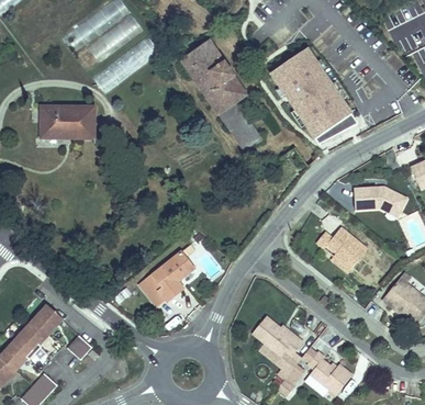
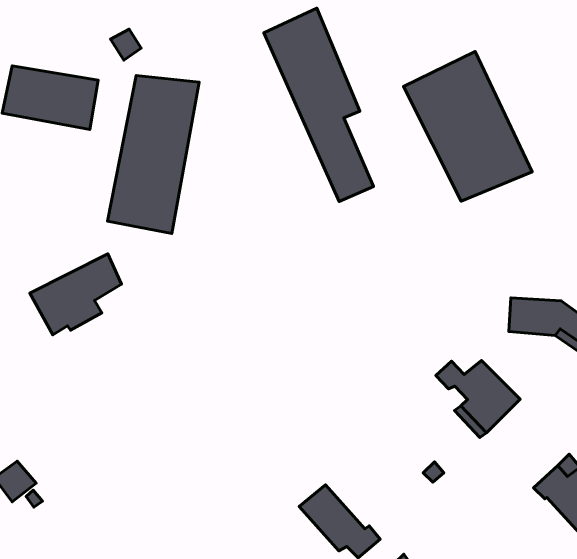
building: none -> [107,76,199,233]
building: [143,249,195,302] -> [30,254,122,335]

